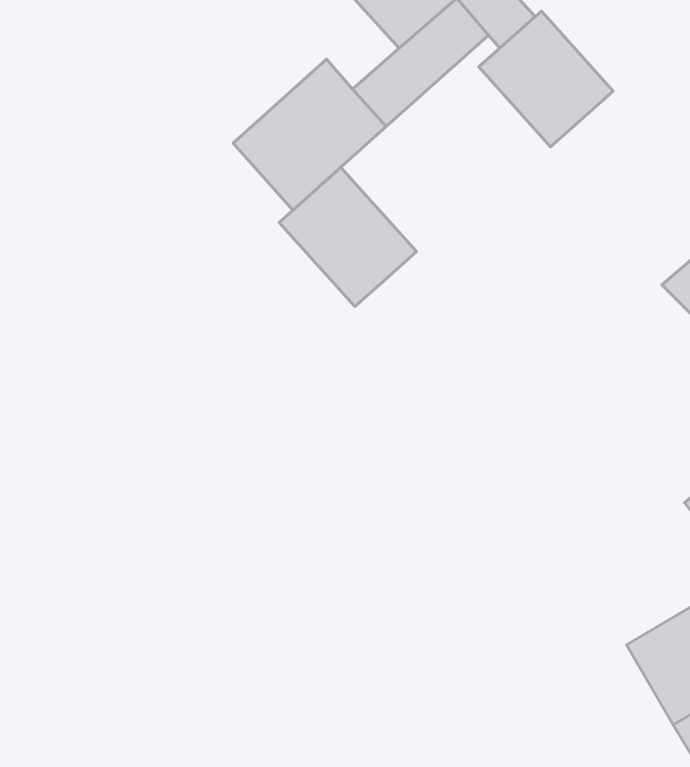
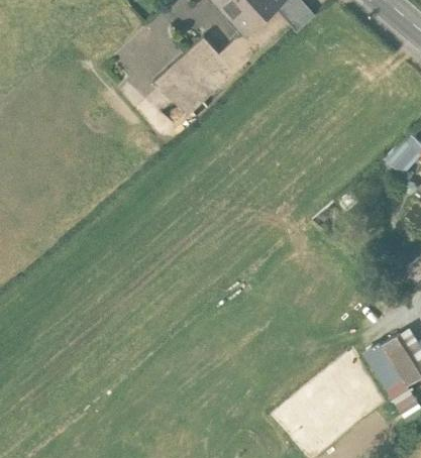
building: [479,11,613,147] -> none
building: [279,168,417,307] -> none

